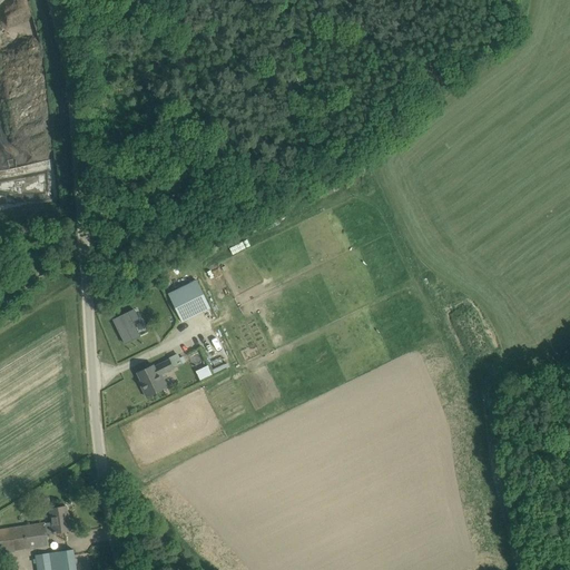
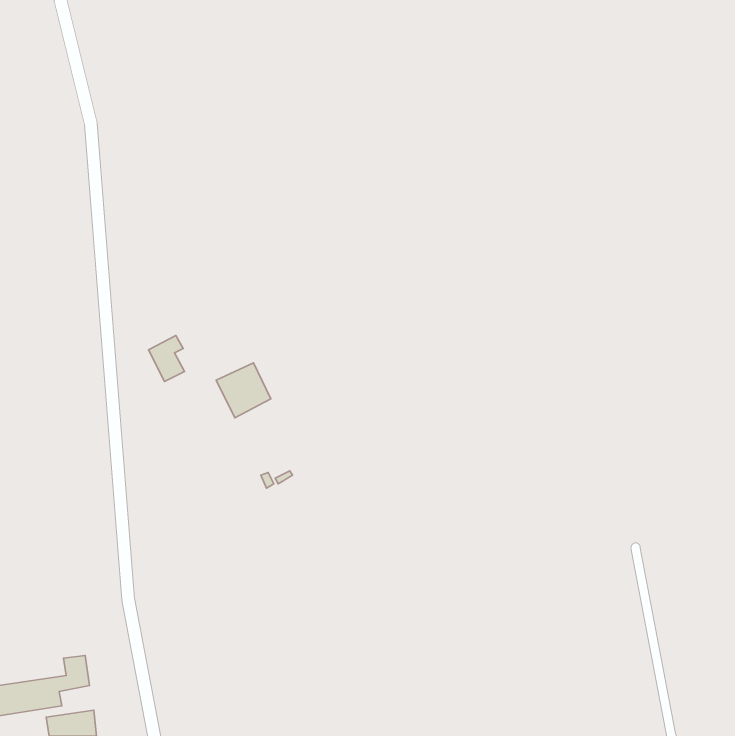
building: [111,308,139,344] -> [149,335,185,382]
building: [137,353,181,397] -> none

